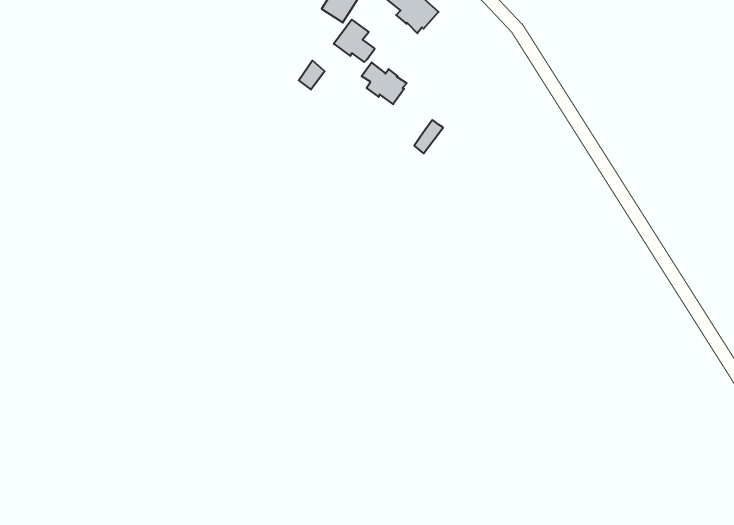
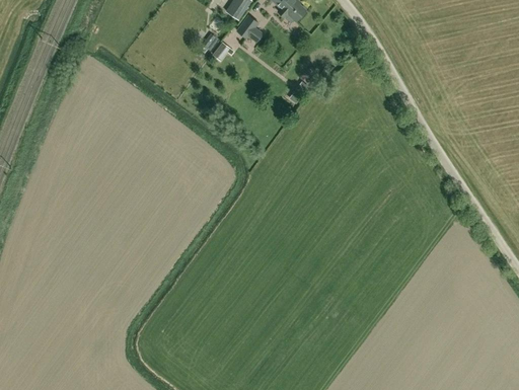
building: [362,62,407,104] -> none

